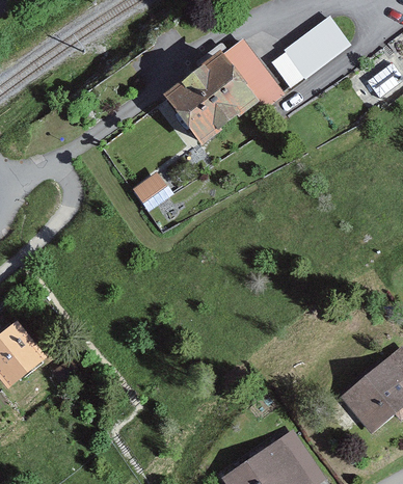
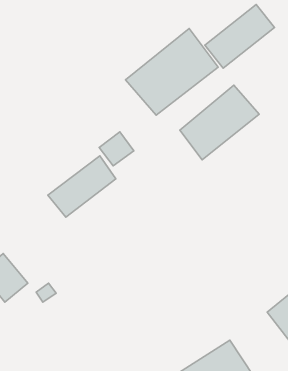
building: none -> [180,85,259,160]
building: none -> [48,156,116,217]

